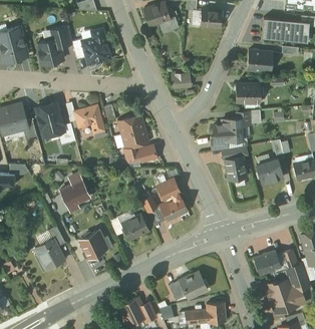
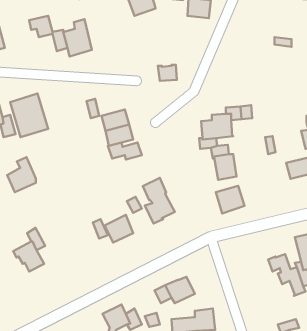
building: [260,16,306,39] -> none
building: [37,38,63,64] -> none
building: [247,50,273,72] -> none
building: [236,84,260,102] -> none
building: [74,105,104,133] -> none
building: [256,158,283,185] -> [216,186,244,213]
building: [60,174,87,207] -> [7,157,36,192]
building: [79,230,106,259] -> none
building: [255,251,280,274] -> none
building: [265,276,305,313] -> none

